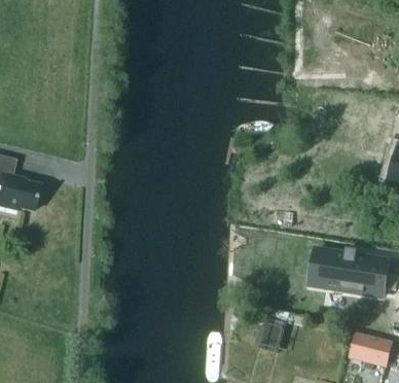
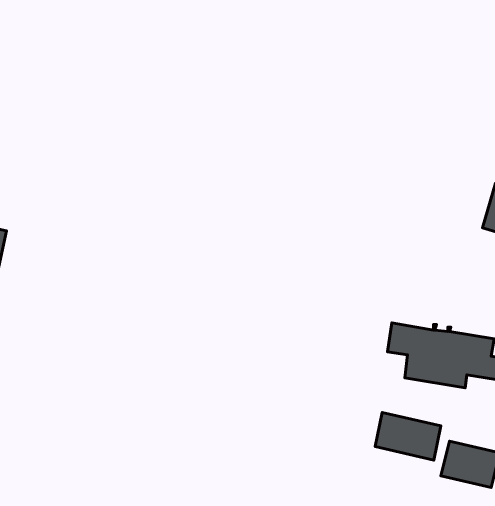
building: none -> [375,412,441,460]

